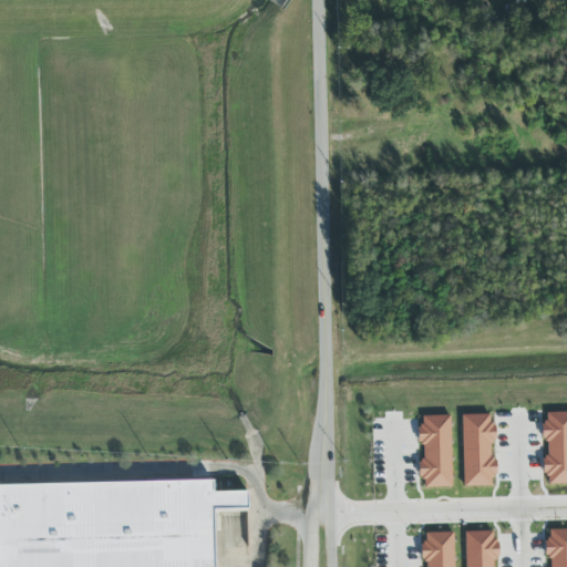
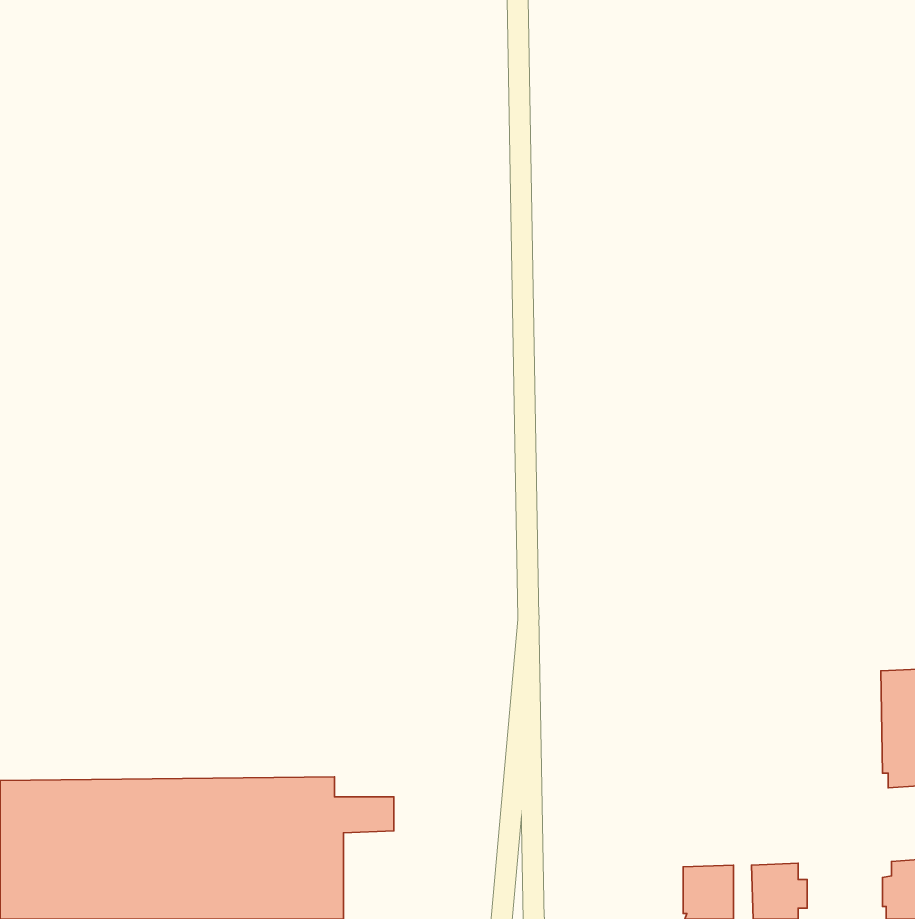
building: [463,415,497,487] -> none
building: [421,416,453,488] -> none

